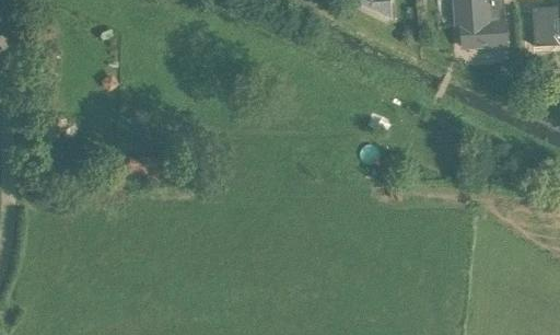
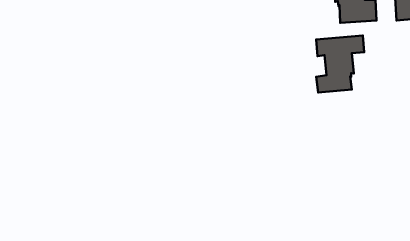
building: none -> [316,36,364,92]

